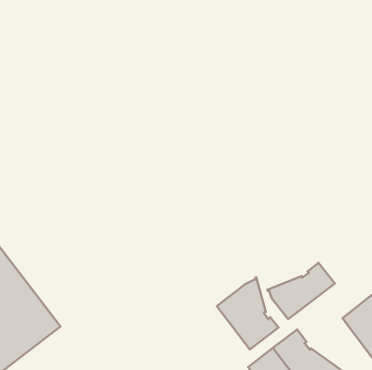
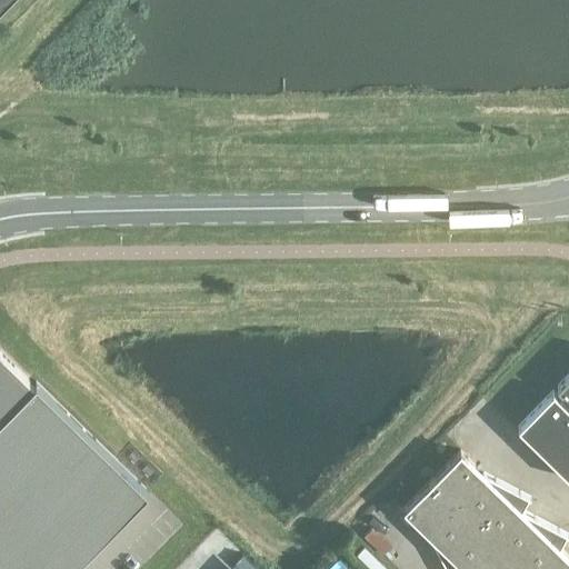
building: [267,263,335,319] -> none
building: [217,277,278,350] -> none

